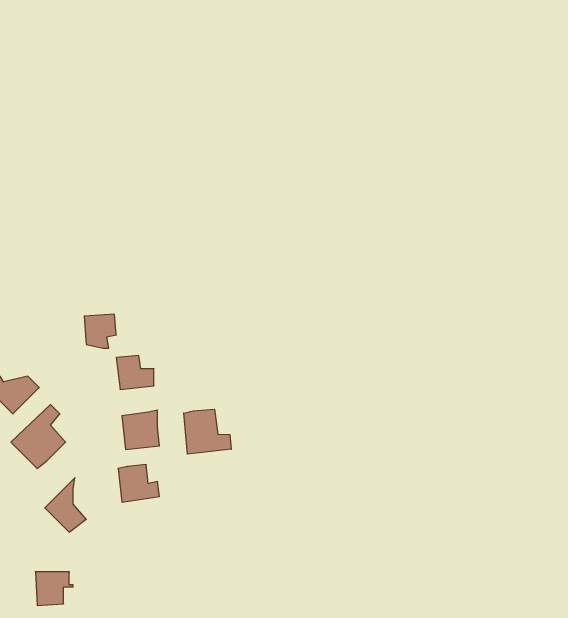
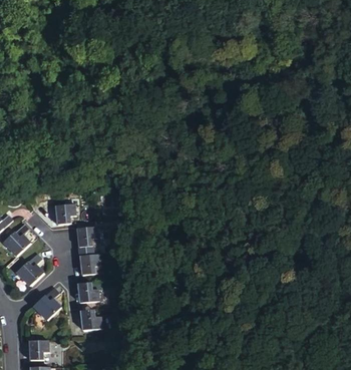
building: [184,409,231,454] -> none
building: none -> [77,309,99,330]

